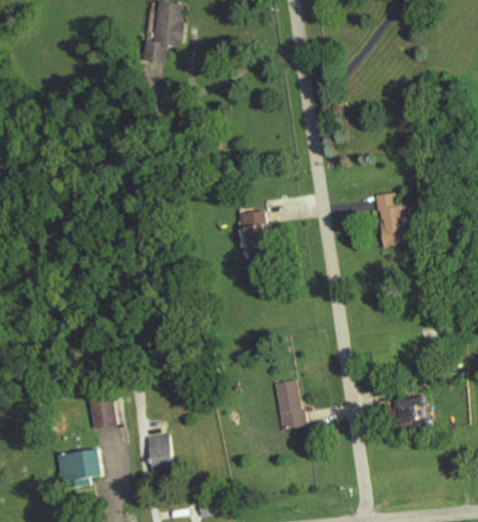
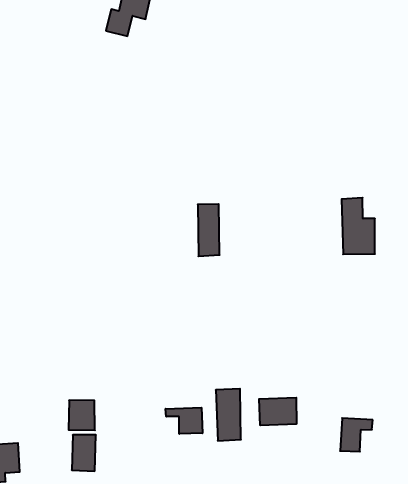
building: none -> [259,398,296,425]
building: [89,398,115,427] -> [69,400,95,430]
building: none -> [166,408,202,434]

